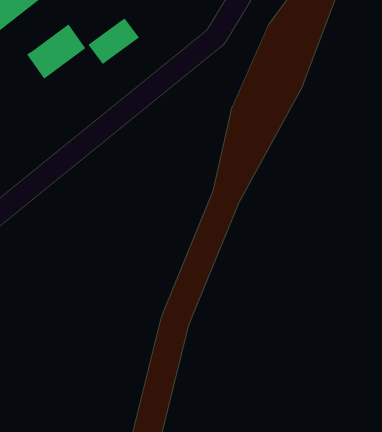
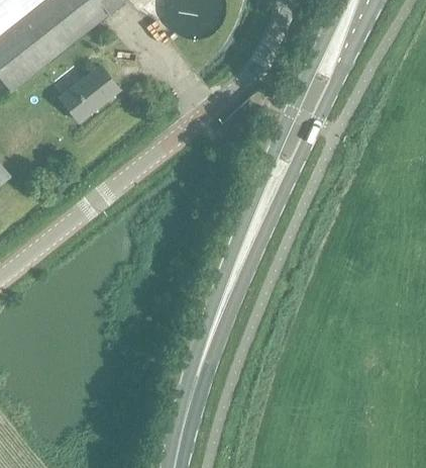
building: [87,17,140,65] -> none

